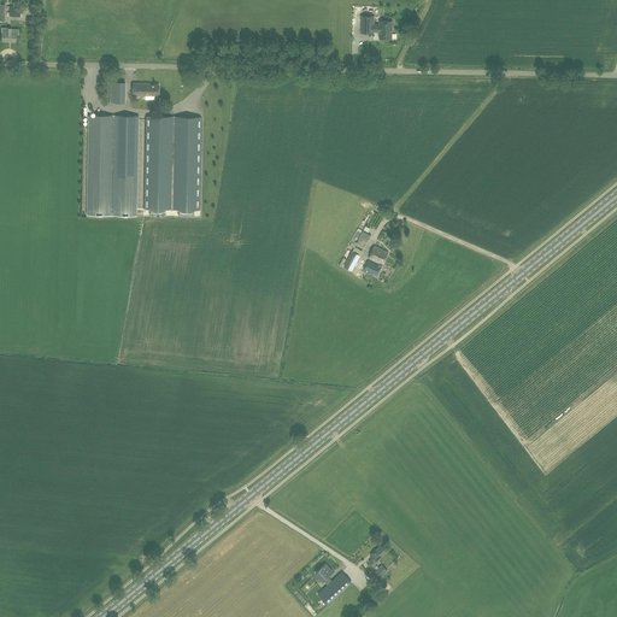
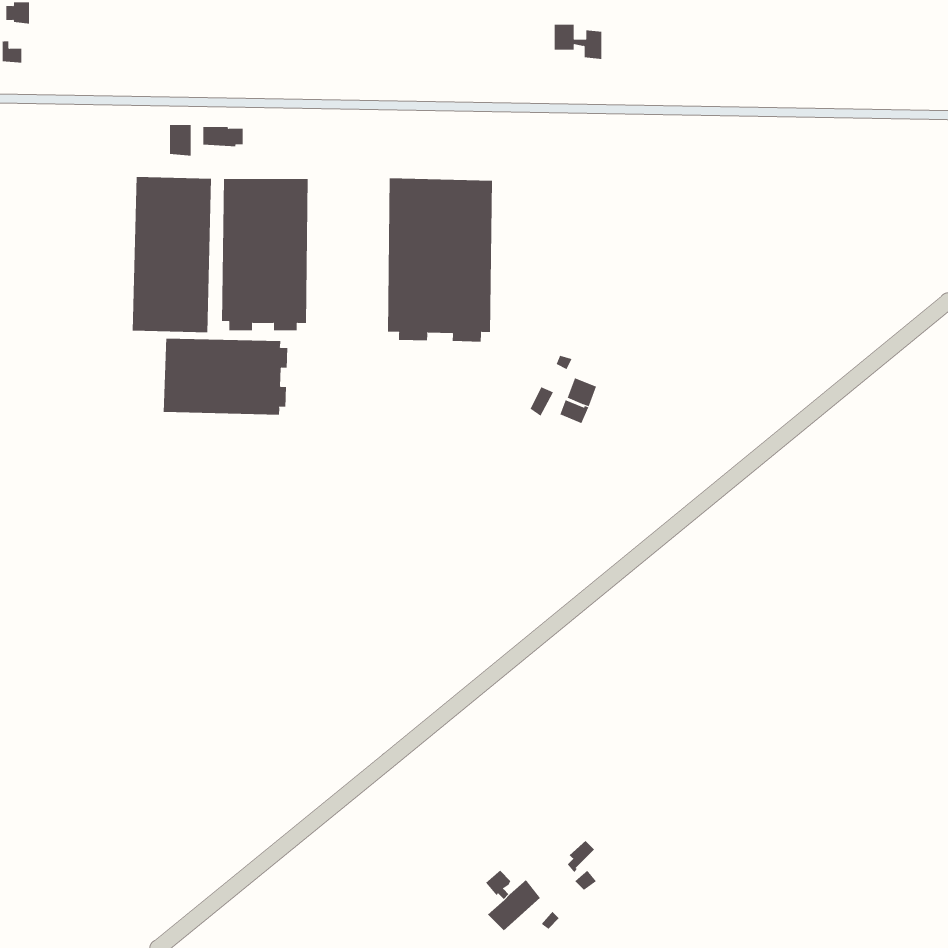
building: none -> [387,178,492,342]
building: none -> [163,338,288,415]

